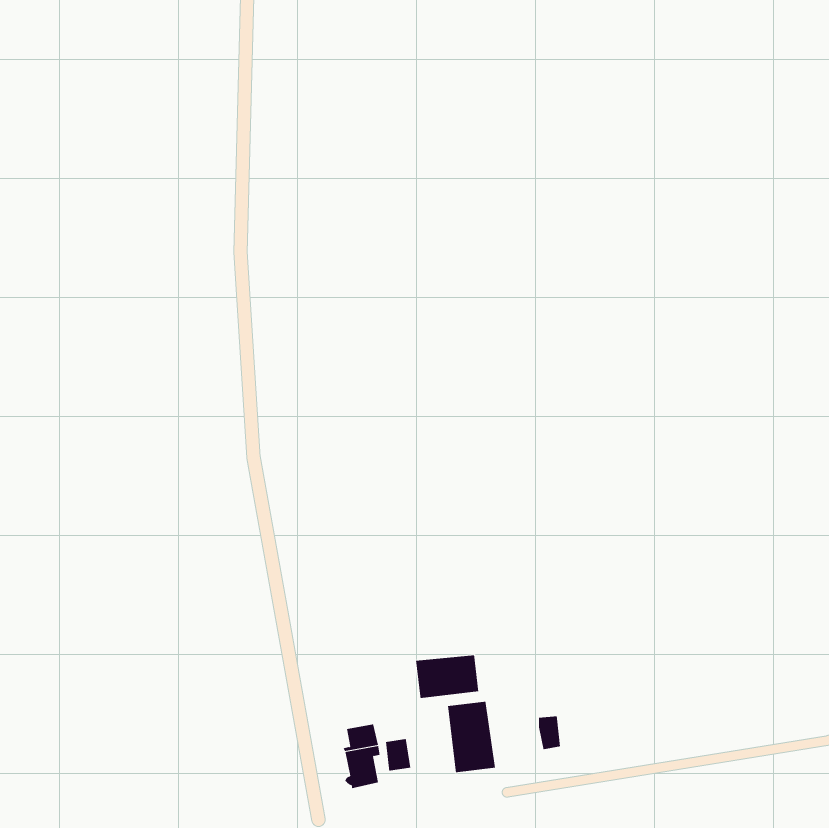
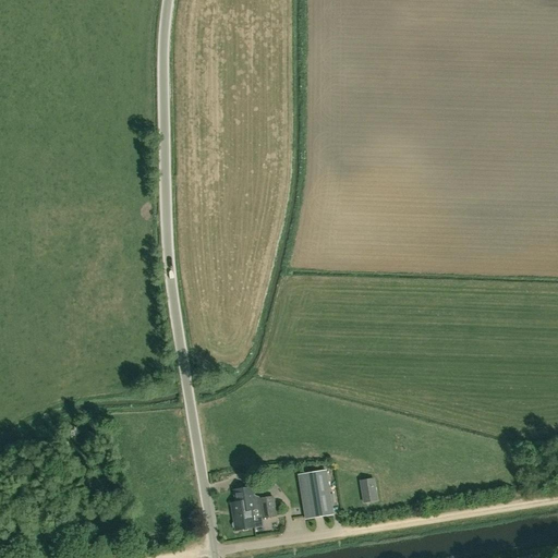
building: [415,655,479,699] -> none

